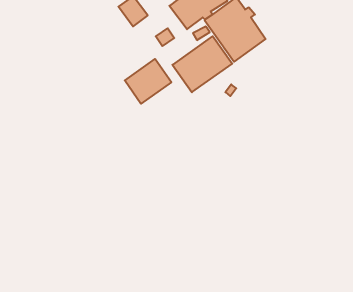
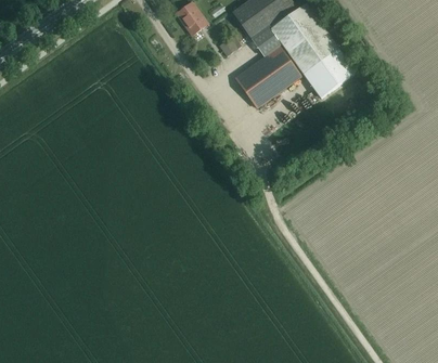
building: none -> [302,50,355,98]
building: [125,59,171,104] -> none

